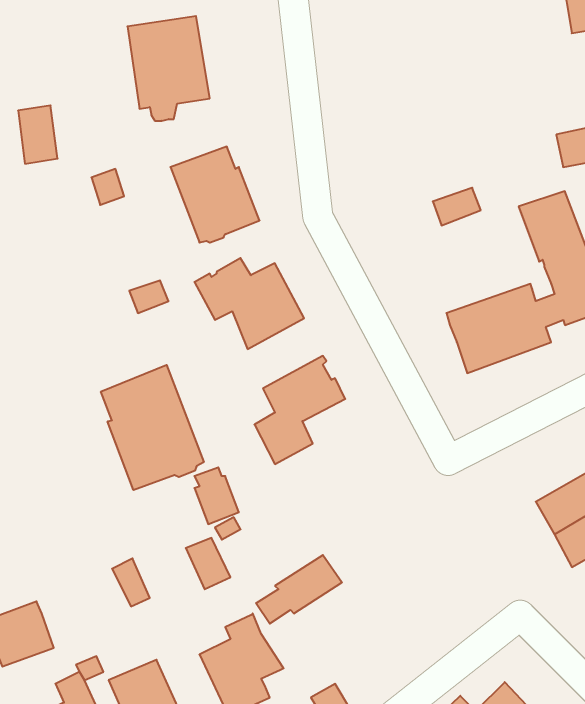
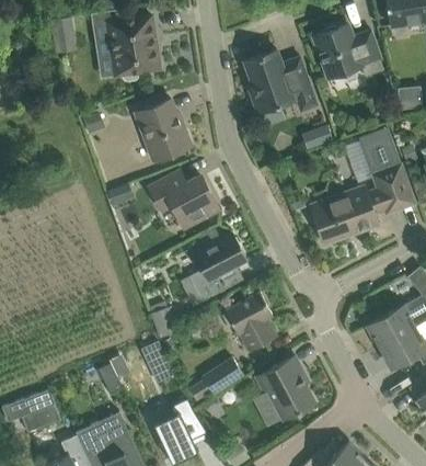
building: none -> [313,24,383,78]
building: none -> [244,49,318,112]
building: [18,105,58,164] -> [50,16,76,54]
building: [101,365,204,490] -> none
building: none -> [222,292,276,351]
building: none -> [253,355,314,424]

